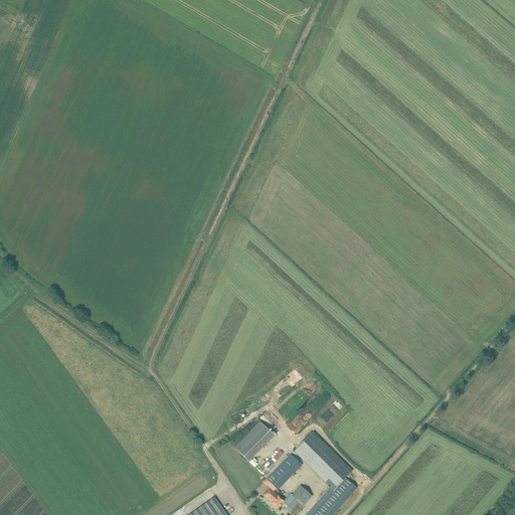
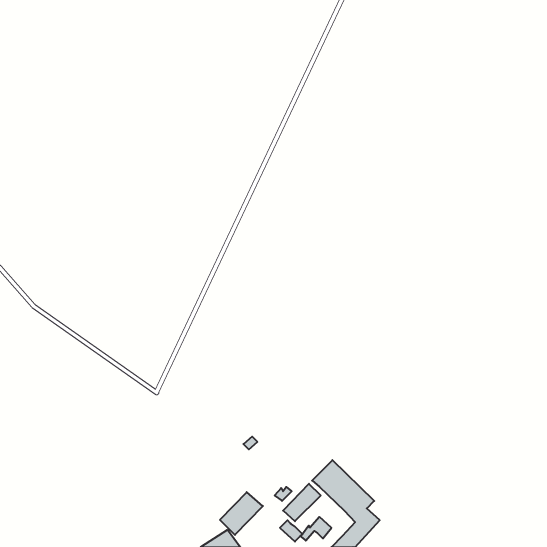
building: [233,421,274,462] -> [220,492,263,535]

